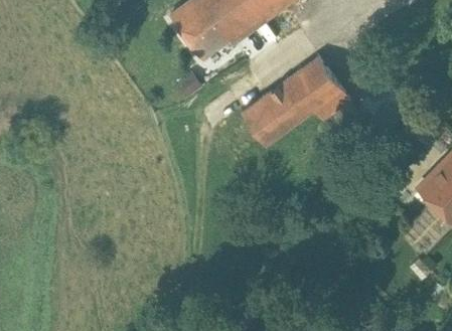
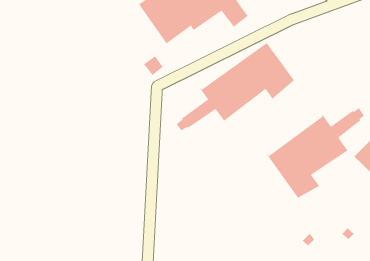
building: none -> [266,107,365,199]

